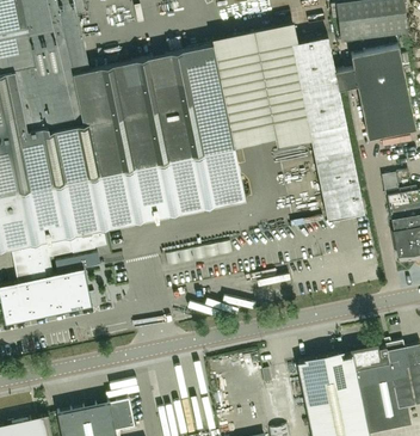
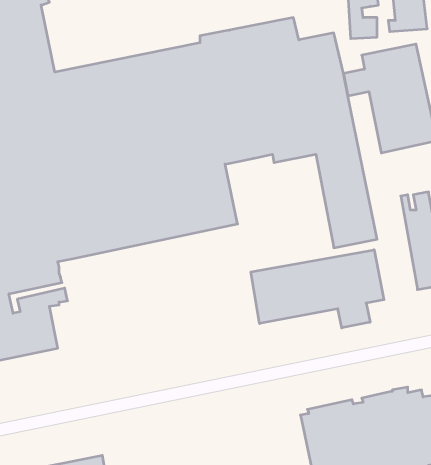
building: none -> [251,250,384,328]

